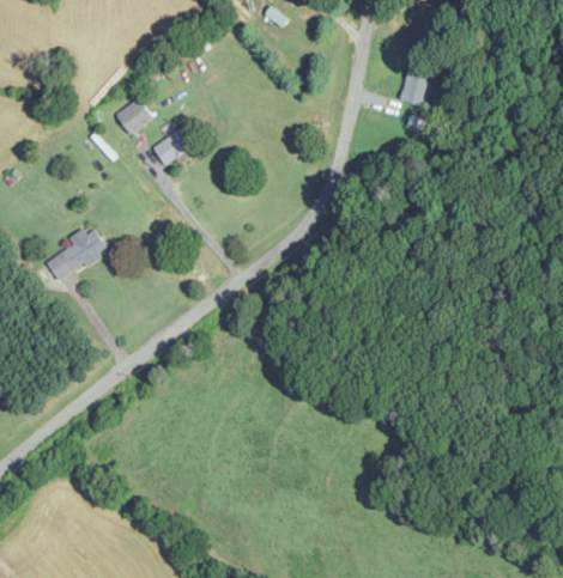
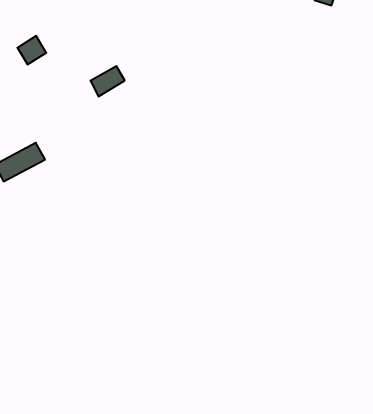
building: [399,69,429,105] -> none
building: [116,98,152,134] -> [17,36,46,64]

